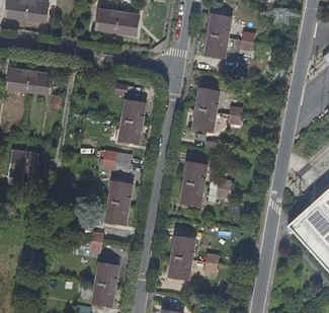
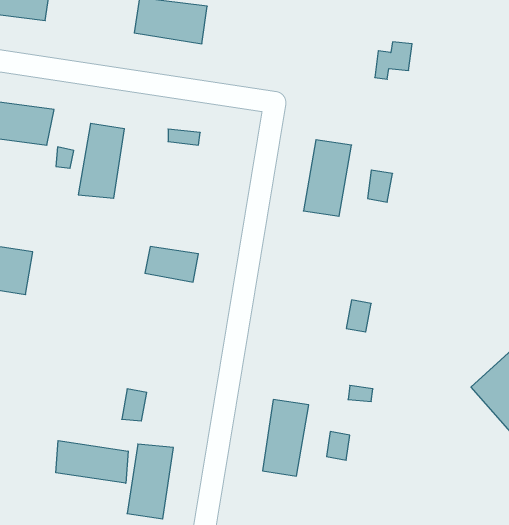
building: [204,14,231,59] -> none
building: [117,99,144,142] -> [78,123,124,198]
building: [179,162,207,206] -> none
building: [104,181,131,224] -> none
building: none -> [56,441,128,483]

